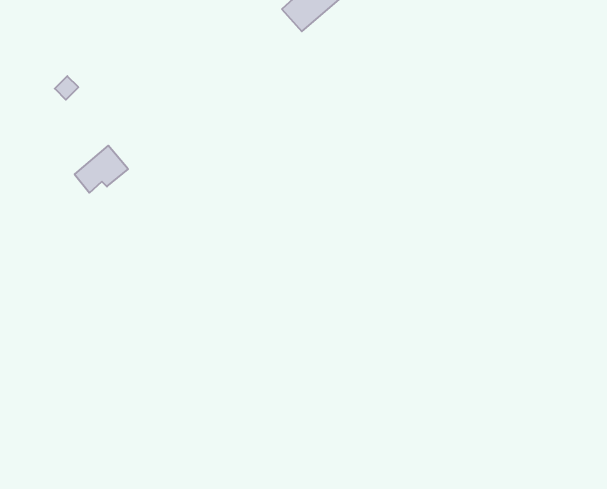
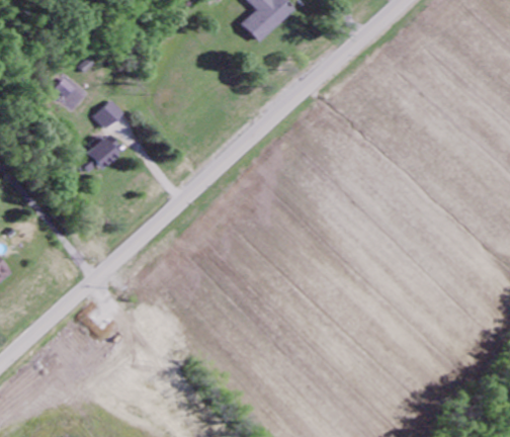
building: none -> [95,100,124,129]

